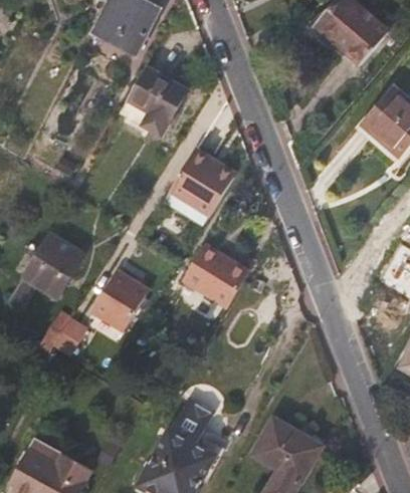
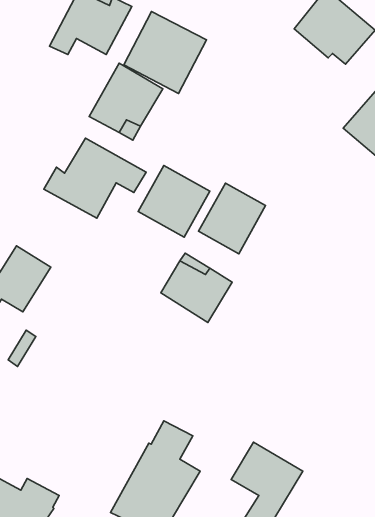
building: none -> [124,11,206,93]
building: none -> [44,138,146,218]
building: none -> [199,183,266,254]
building: [88,267,150,334] -> none

